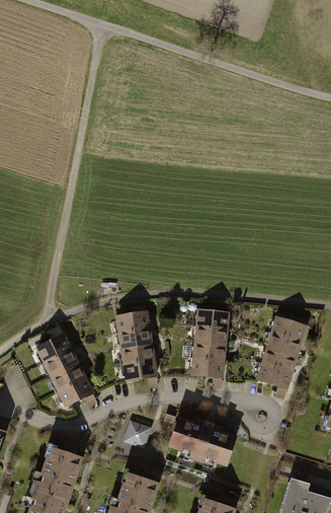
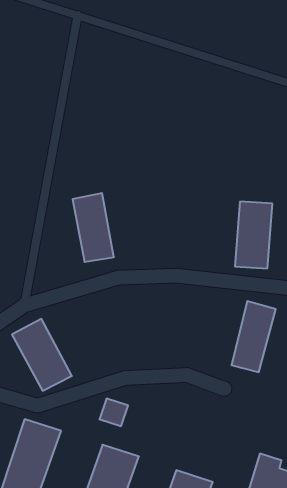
building: [190,312,229,381] -> [235,202,272,268]
building: [115,314,158,385] -> [73,193,114,262]
building: [168,415,239,468] -> none

